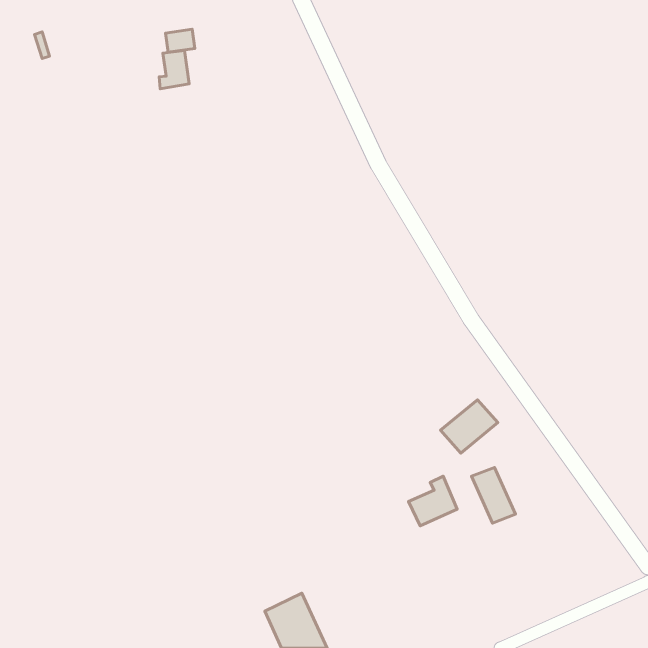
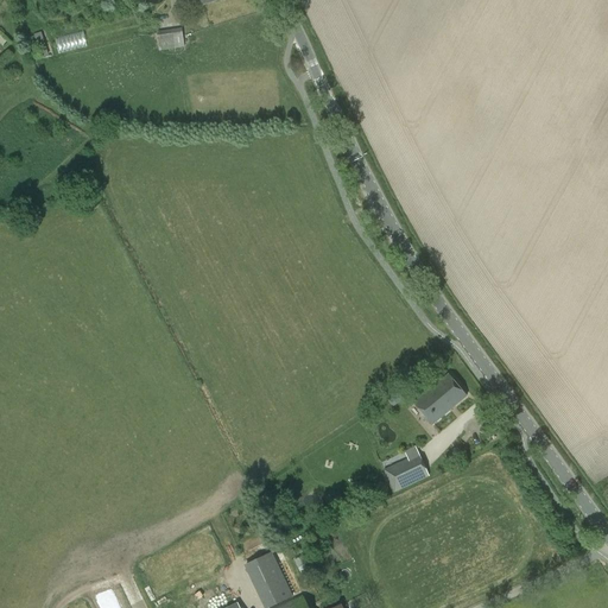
building: [159,51,189,89] -> none
building: [472,467,515,523] -> none

